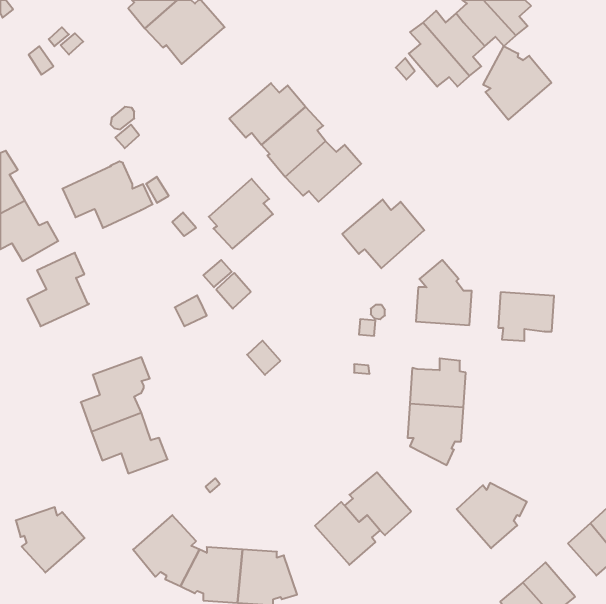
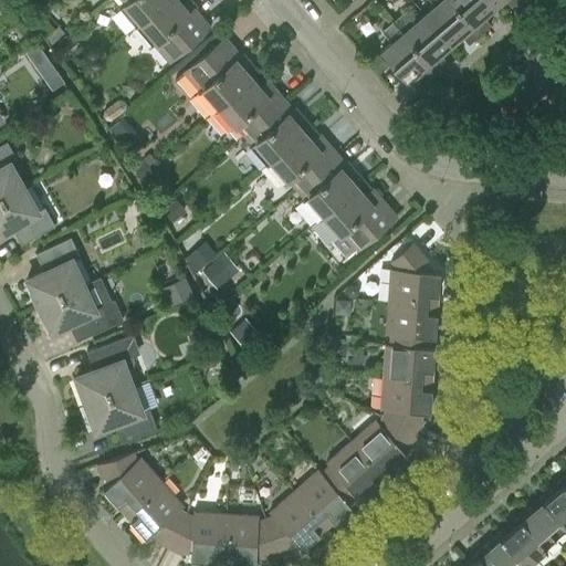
building: none -> [185,38,253,113]
building: [483,46,551,120] -> none
building: [62,161,153,228] -> [39,281,123,343]
building: [209,179,273,249] -> [297,155,357,220]
building: [498,292,554,341] -> [386,302,438,347]
building: [457,483,527,548] -> [352,418,417,479]
building: [16,507,85,573] -> [97,453,161,514]
building: none -> [265,492,326,556]
building: none -> [509,509,556,558]

